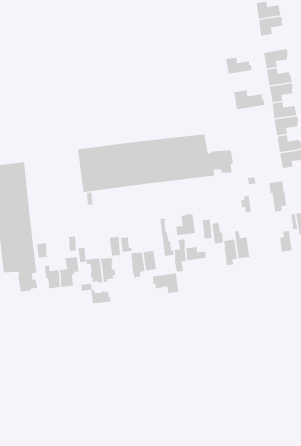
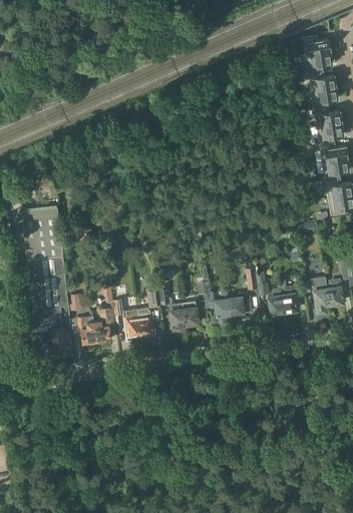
building: [225,57,253,75] -> [308,73,337,92]
building: [233,90,265,110] -> none
building: [77,133,234,193] -> none
building: [269,180,287,212] -> [311,279,330,313]
building: [175,213,196,236] -> none
building: [152,272,179,294] -> none
building: [80,283,111,304] -> none

